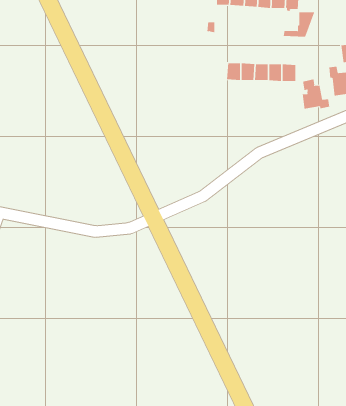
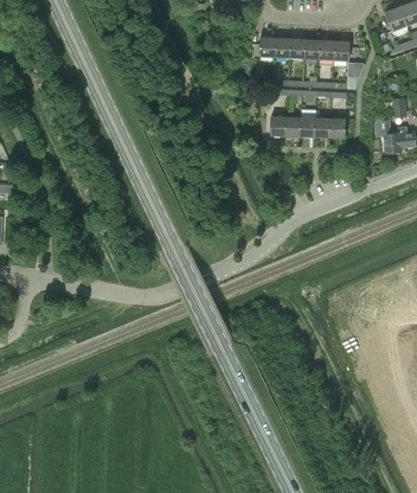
building: [302,79,330,109] -> none

